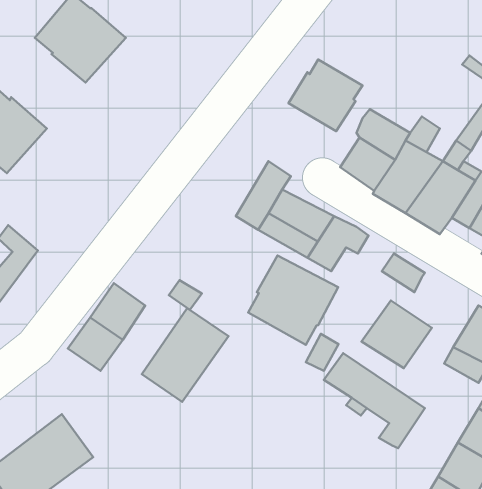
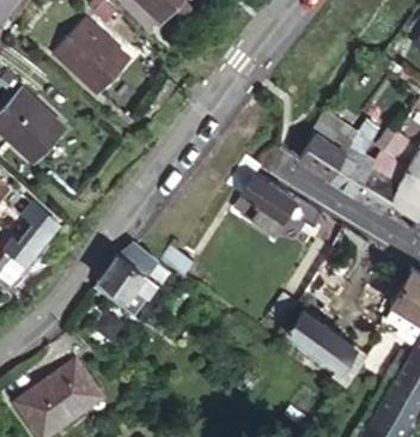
building: [288,59,362,131] -> none
building: [248,256,338,345] -> none
building: [361,300,432,368] -> none
building: [142,308,229,402] -> none

